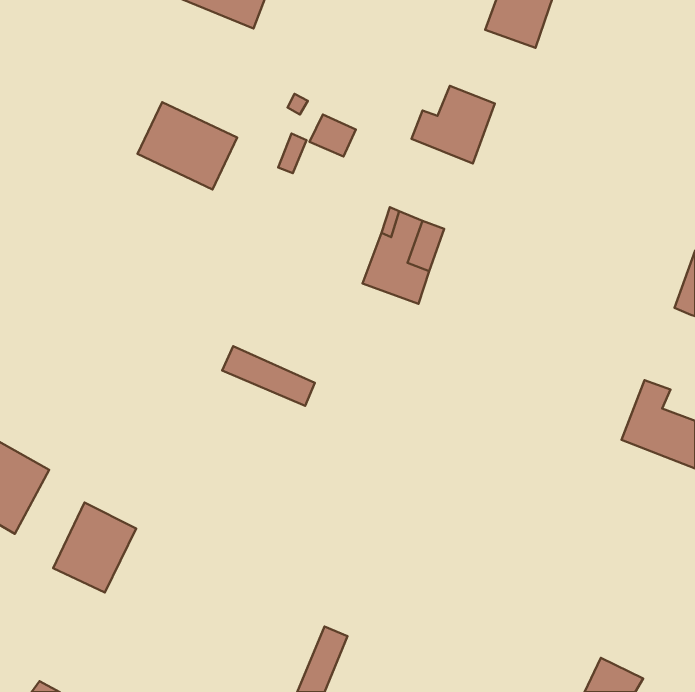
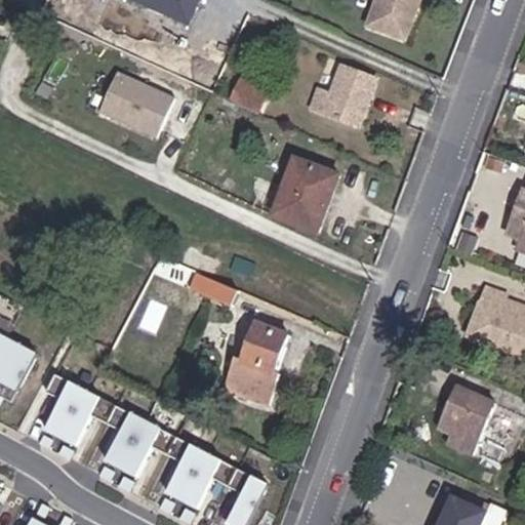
building: none -> [223,319,286,402]
building: none -> [437,383,494,452]
building: none -> [100,408,167,478]
building: none -> [162,441,223,509]

